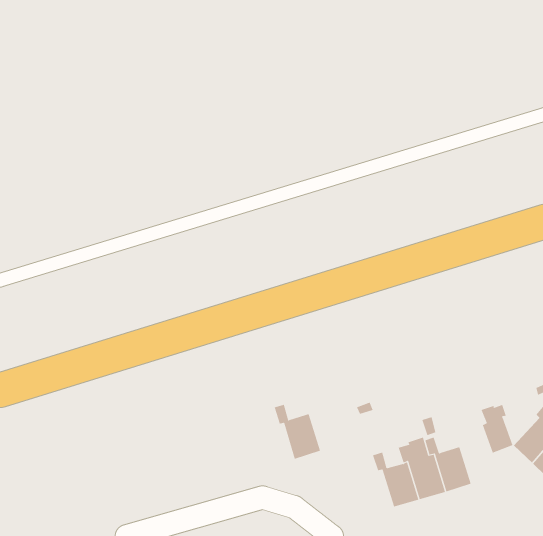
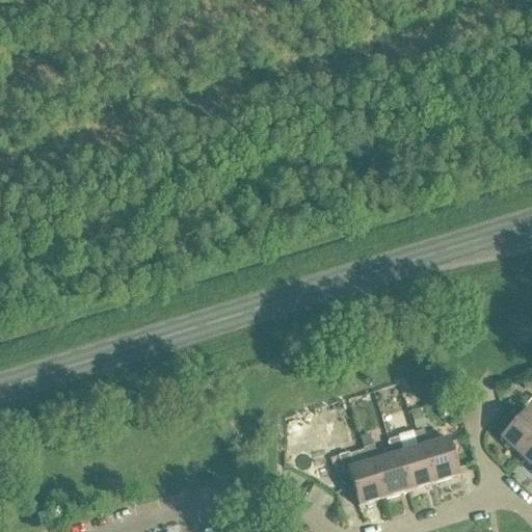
building: [274,404,321,459] -> [340,449,385,503]
building: [481,404,513,453] -> none

